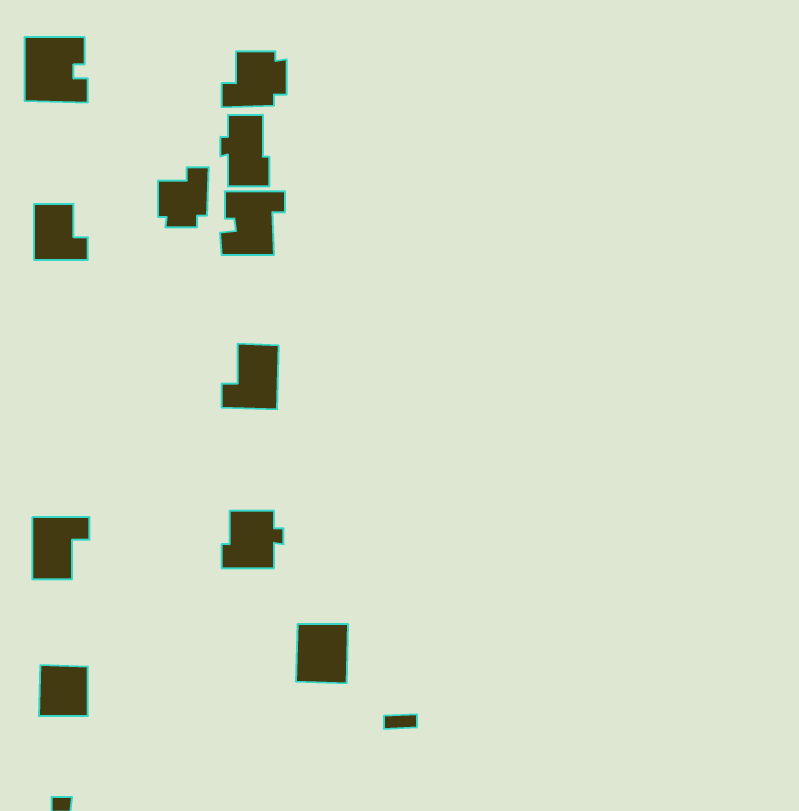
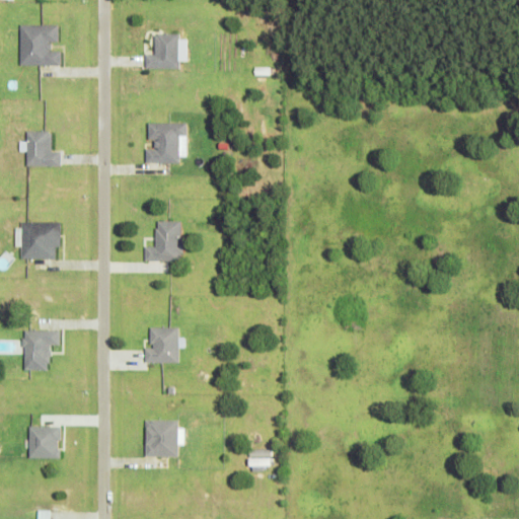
building: [221,115,269,187] -> none
building: [158,167,208,227] -> none
building: none -> [20,222,61,260]
building: [296,624,348,683] -> [144,419,177,456]

